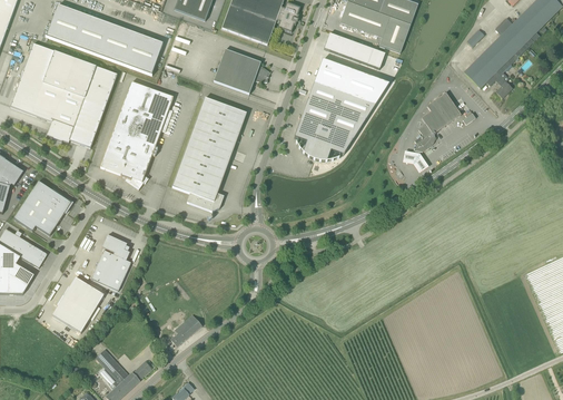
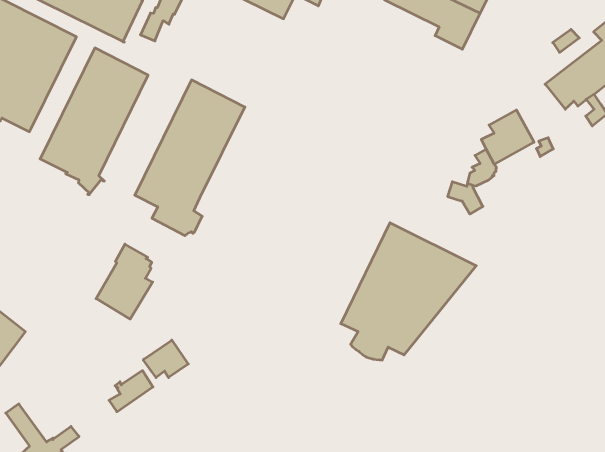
building: [324,31,385,68] -> none
building: [214,48,270,92] -> none
building: [294,58,388,159] -> [341,223,476,360]
building: [91,235,131,290] -> [96,244,153,319]
building: none -> [143,340,188,378]

